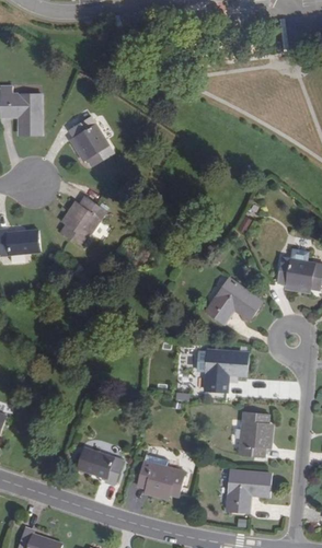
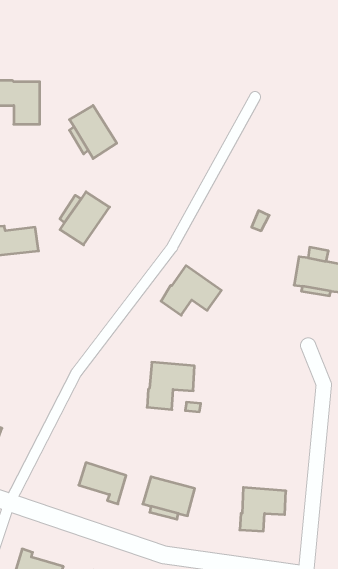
building: [206,278,262,324] -> [161,266,221,315]
building: [204,349,248,393] -> [147,362,194,410]
building: [238,412,268,456] -> none

